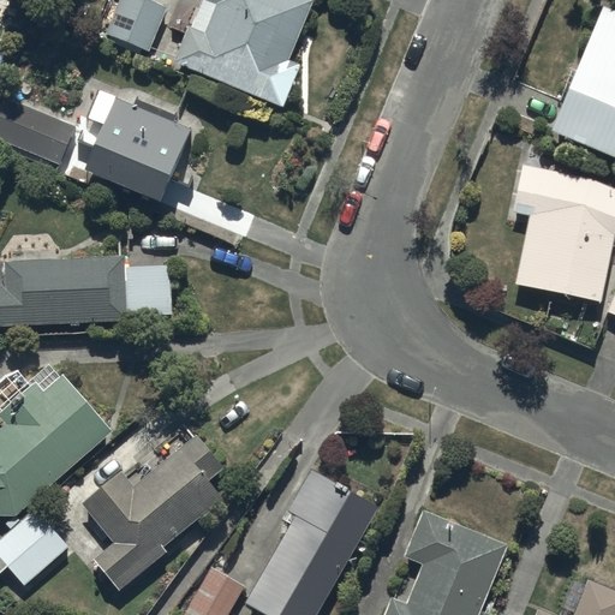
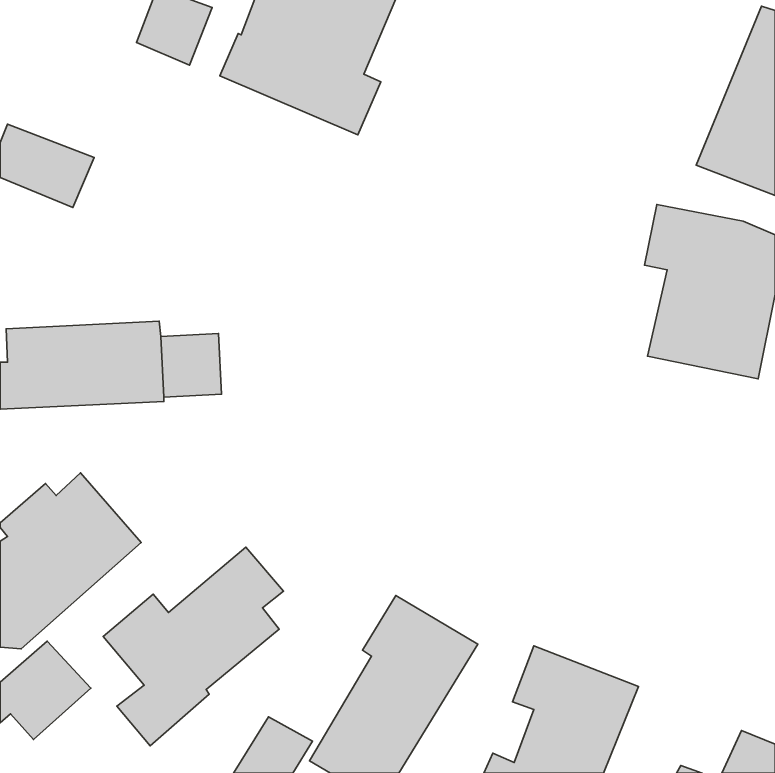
building: [84,90,192,207] -> none

